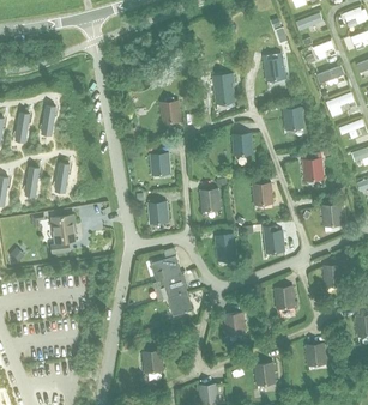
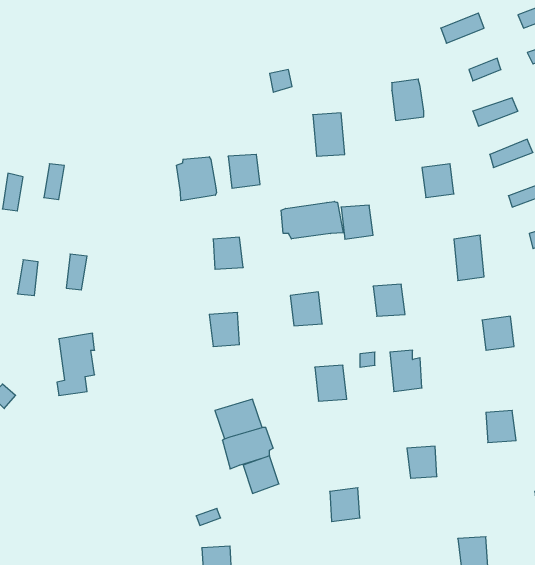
building: none -> [177,157,216,201]
building: none -> [281,201,343,239]

